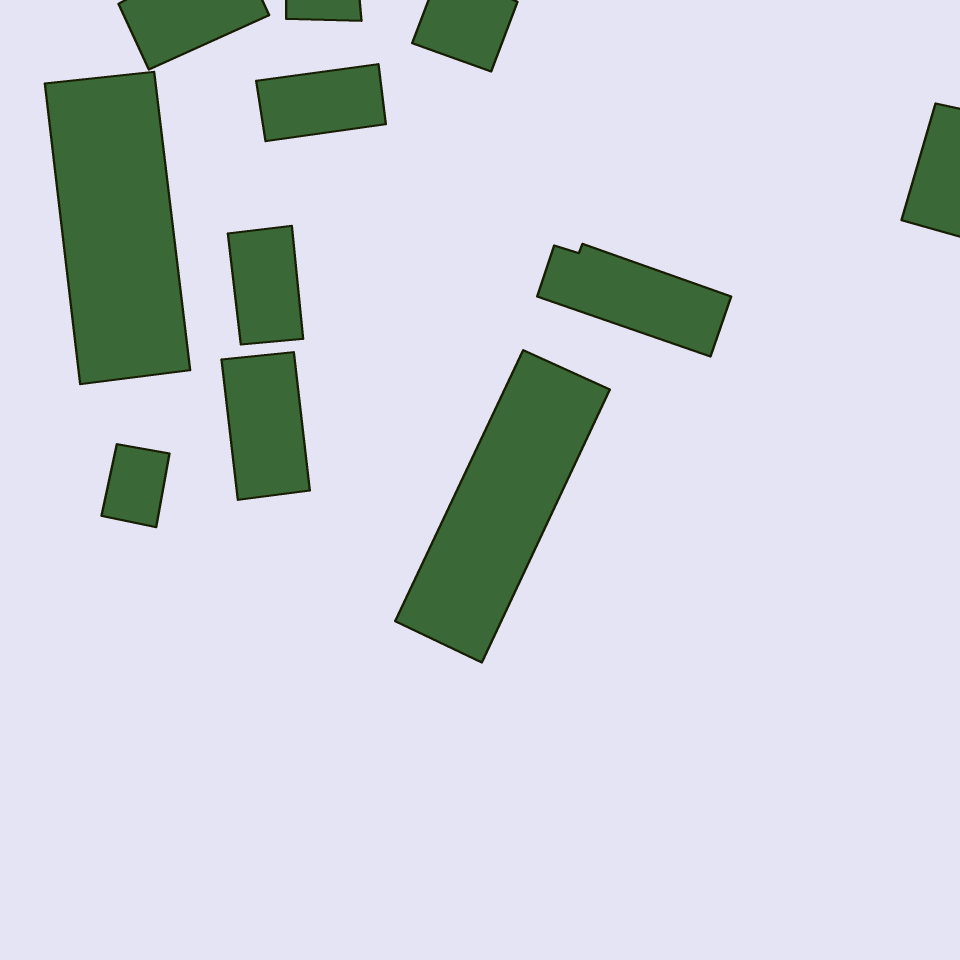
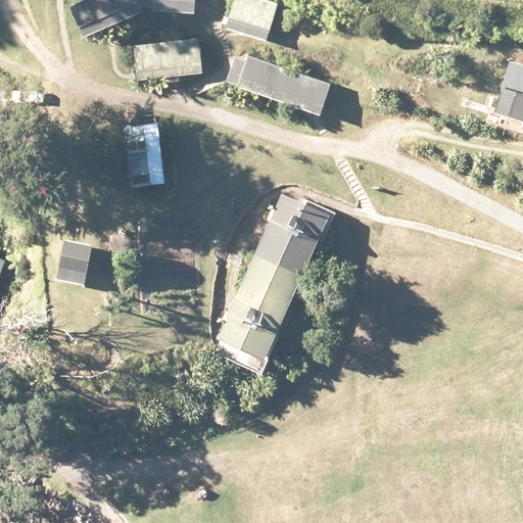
building: [45,72,190,384] -> none
building: [537,244,731,357] -> [225,56,330,117]
building: [221,352,310,500] -> none

